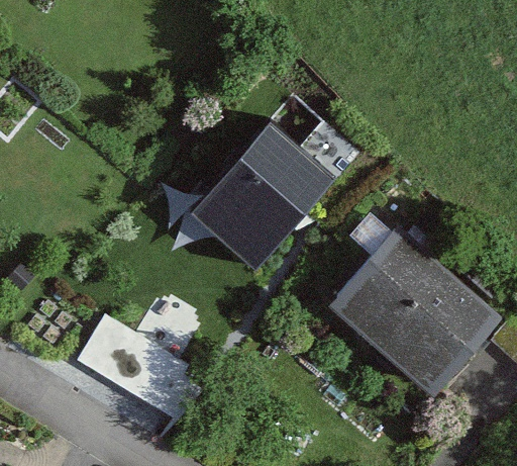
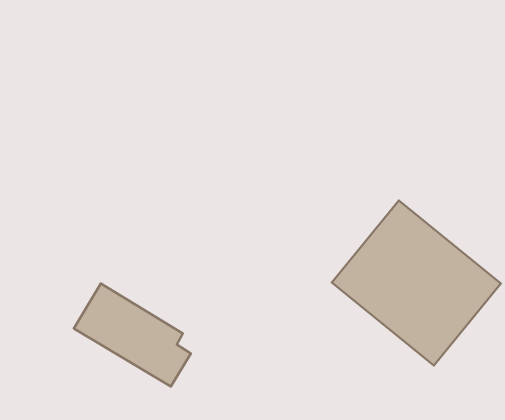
building: [188,121,331,270] -> none

